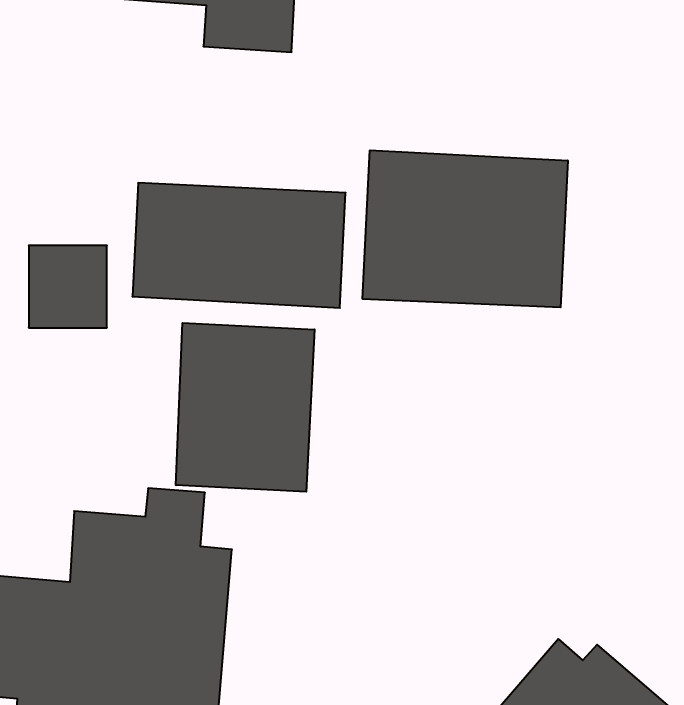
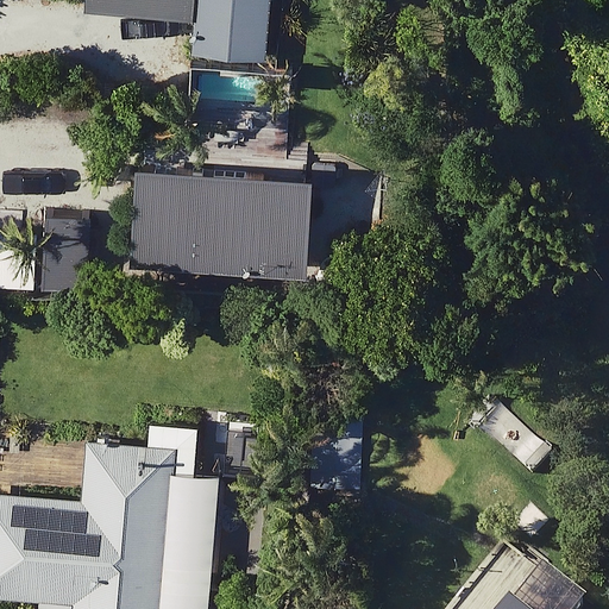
building: [363,150,568,307] -> none
building: [176,323,315,492] -> none

